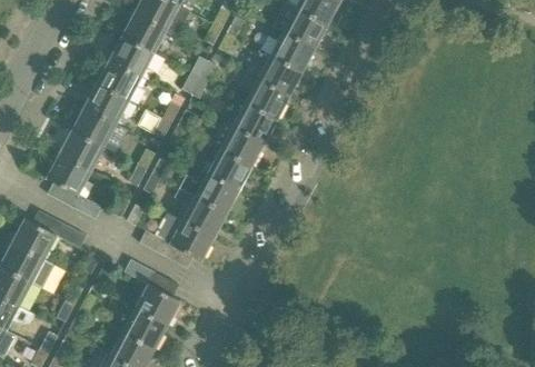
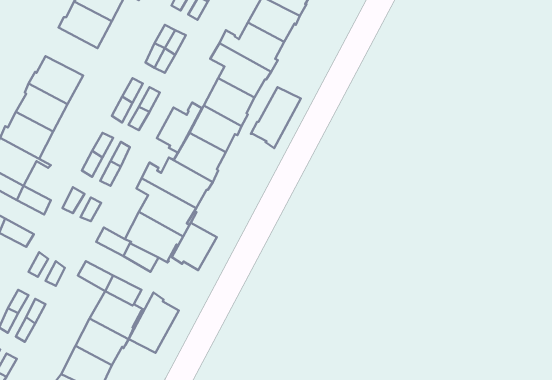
building: [97,59,141,100] -> none
building: none -> [251,87,301,148]
building: none -> [157,102,202,153]
building: none -> [172,212,217,270]
building: none -> [125,292,179,353]

